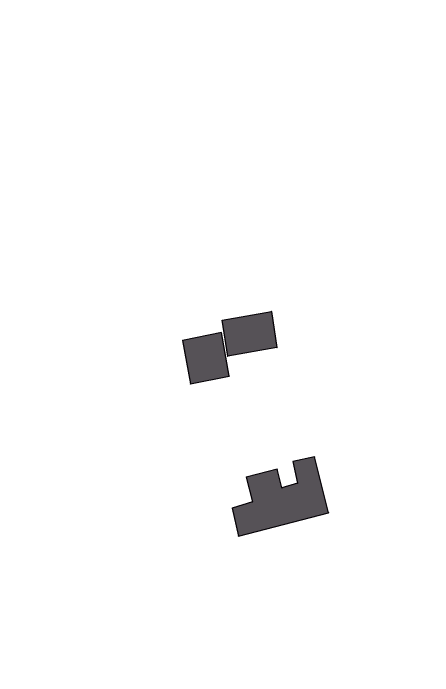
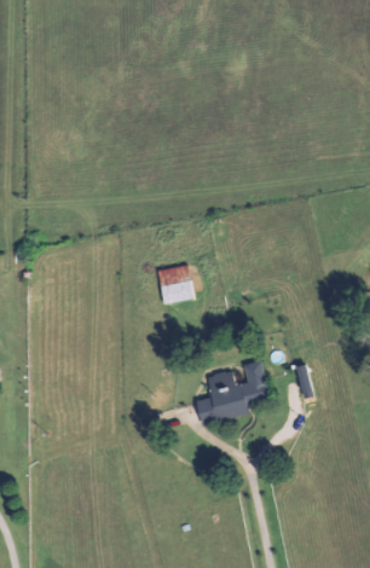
building: [222,311,277,356] -> none

